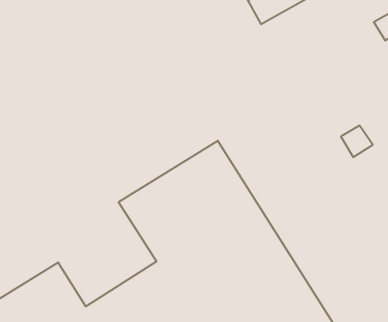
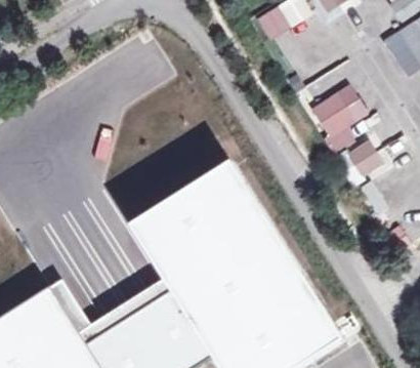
building: none -> [312,83,371,138]

